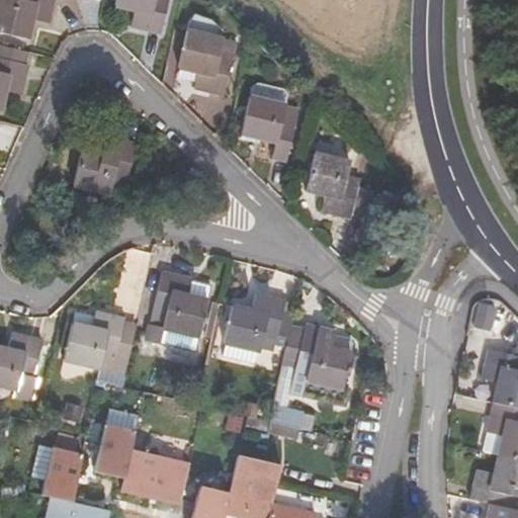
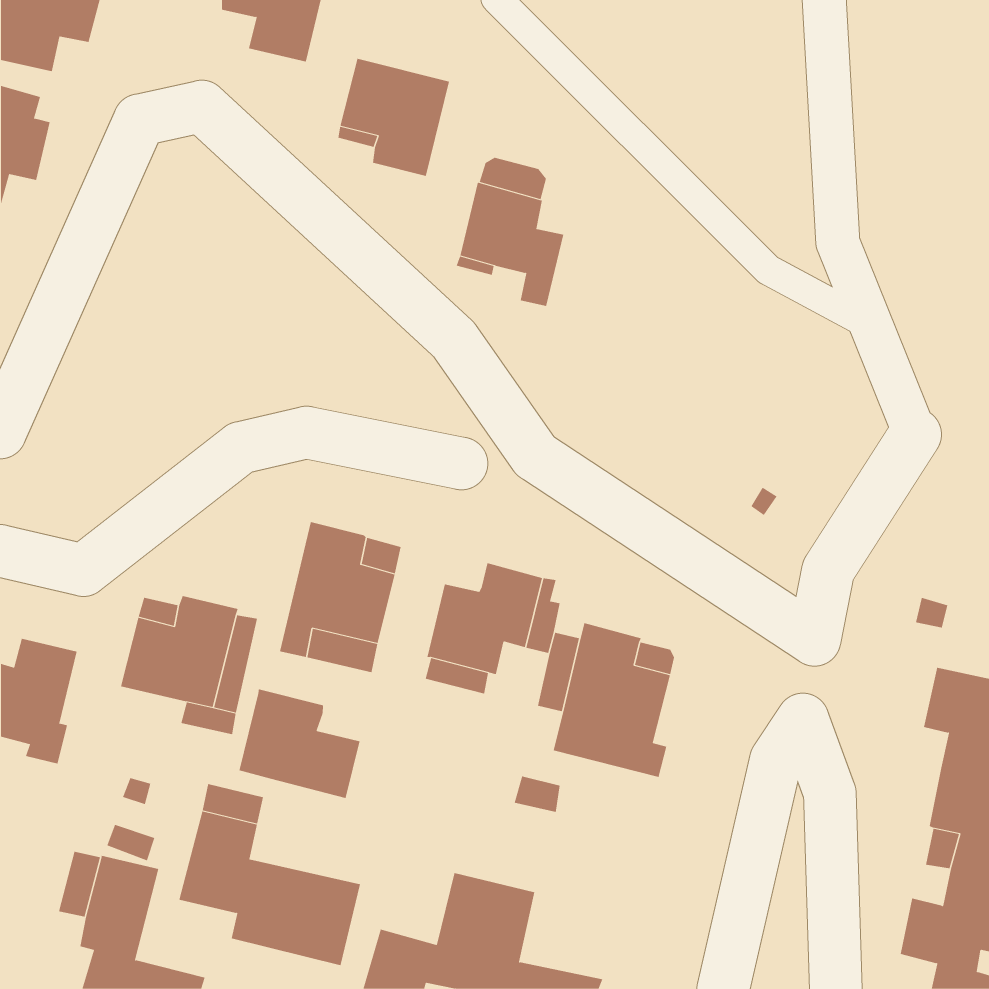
building: [74,135,136,193] -> none
building: [306,151,376,217] -> none
building: none -> [239,688,360,799]

